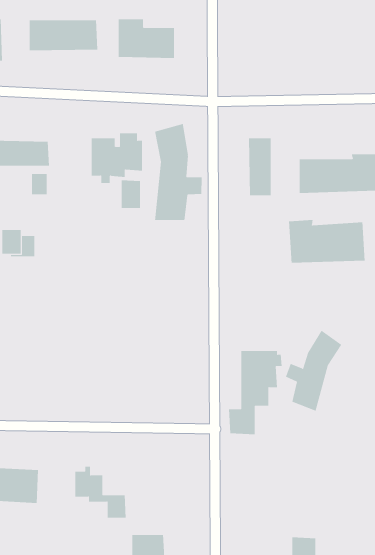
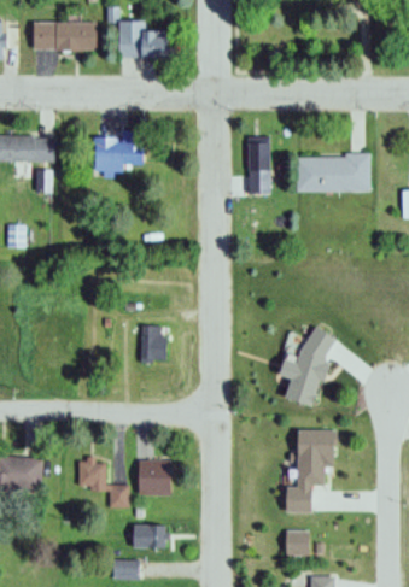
building: [155,123,202,221] -> none
building: [121,179,140,209] -> none
building: [289,219,365,264] -> none
building: none -> [138,325,166,366]
building: [228,350,283,435] -> [288,425,341,507]
building: none -> [138,460,171,498]

